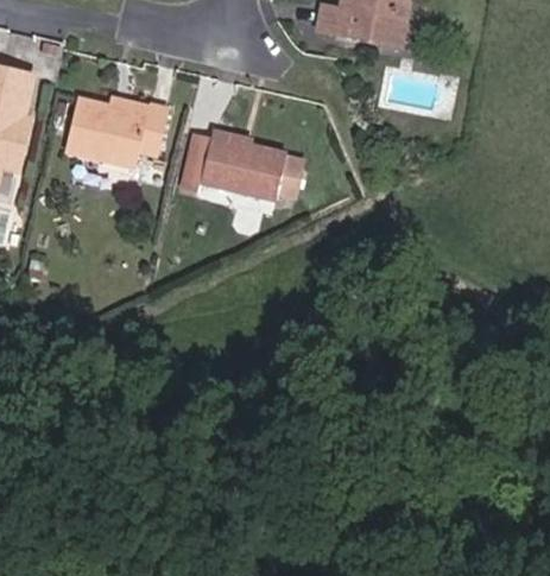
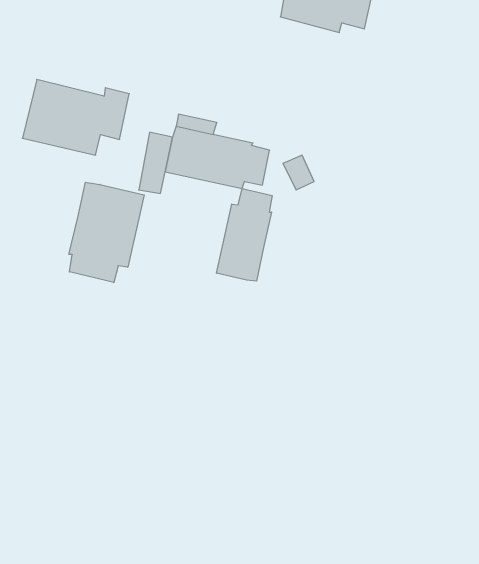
building: none -> [69,182,144,283]
building: none -> [217,189,272,281]

